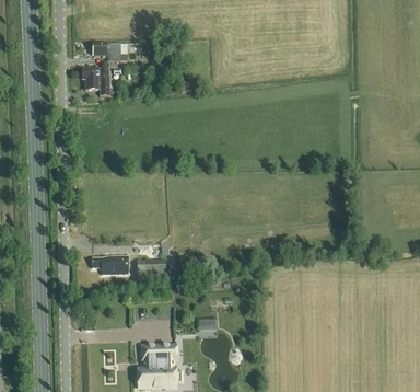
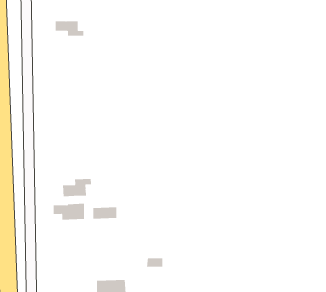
building: [82,66,112,96] -> none
building: none -> [63,178,92,197]

